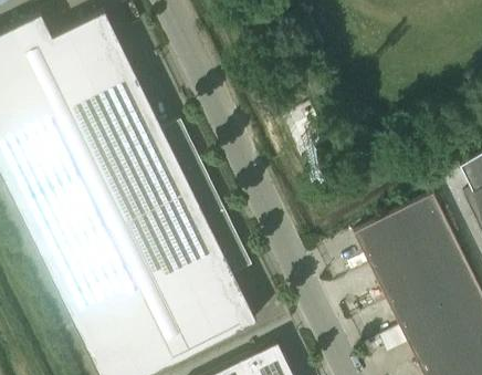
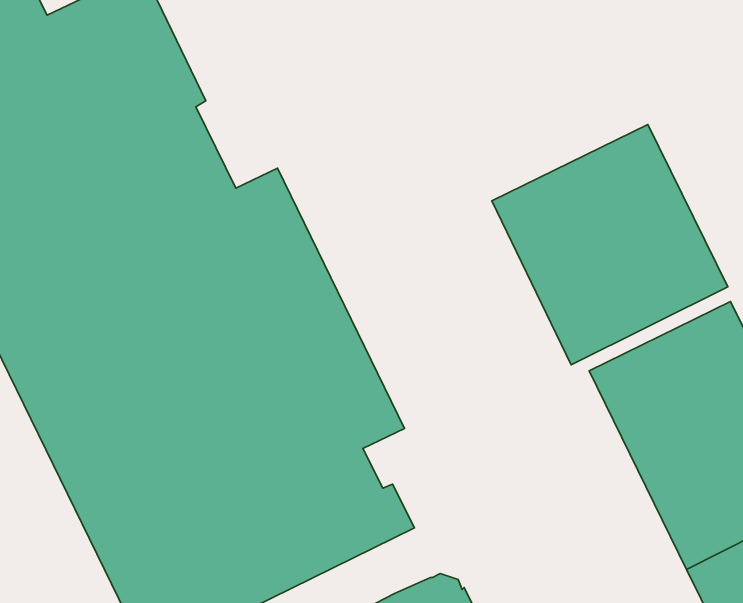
building: none -> [492,124,728,365]

